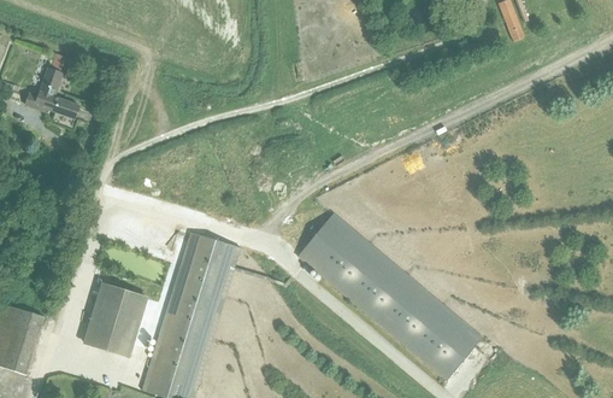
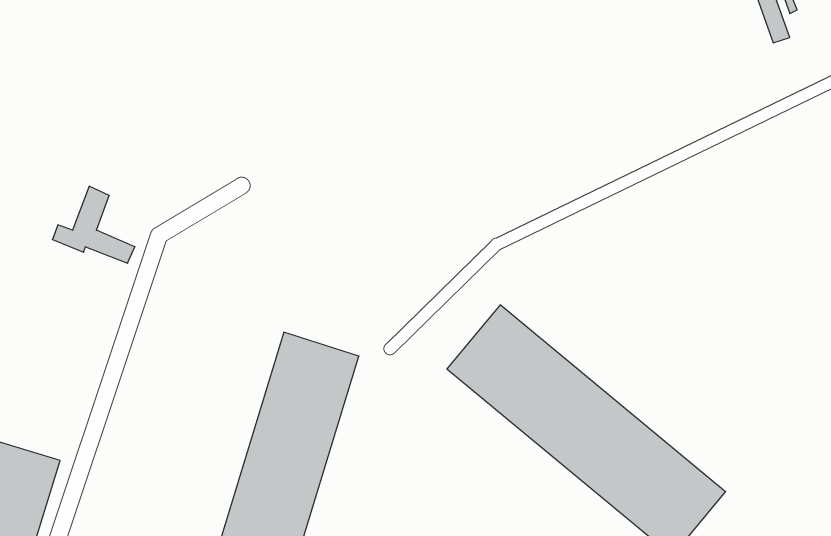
building: [24,66,78,117] -> [52,186,135,263]
building: [82,282,146,355] -> none

